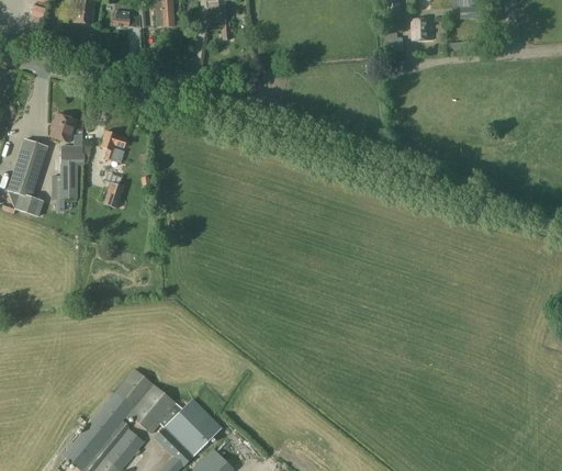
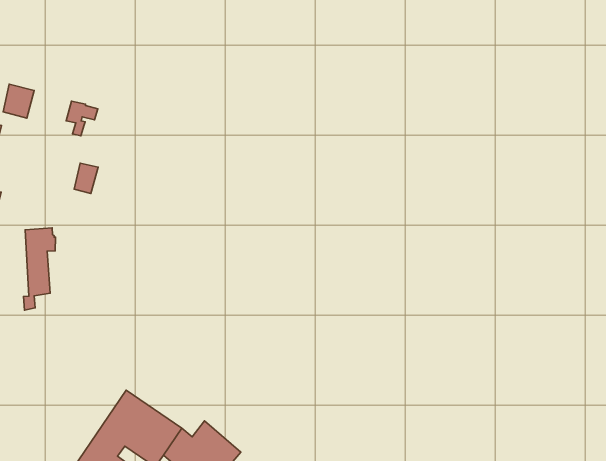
building: [55,146,85,211] -> [23,228,55,310]

